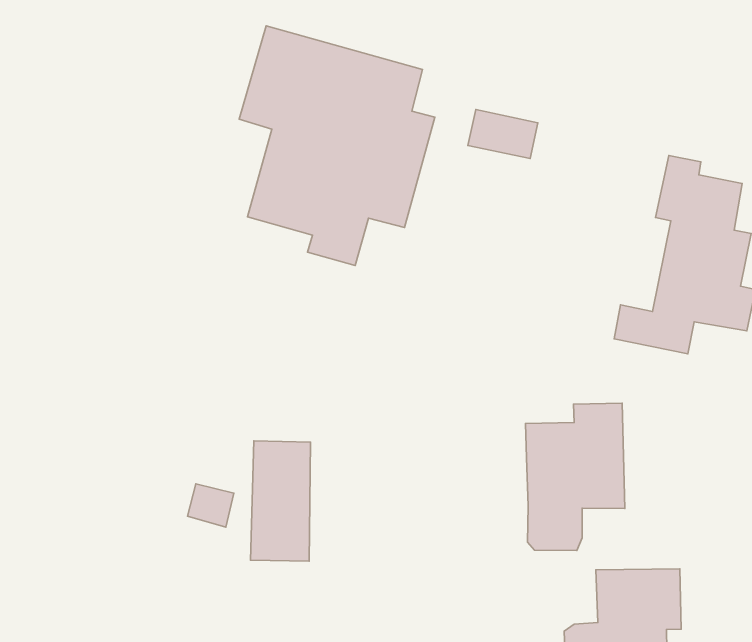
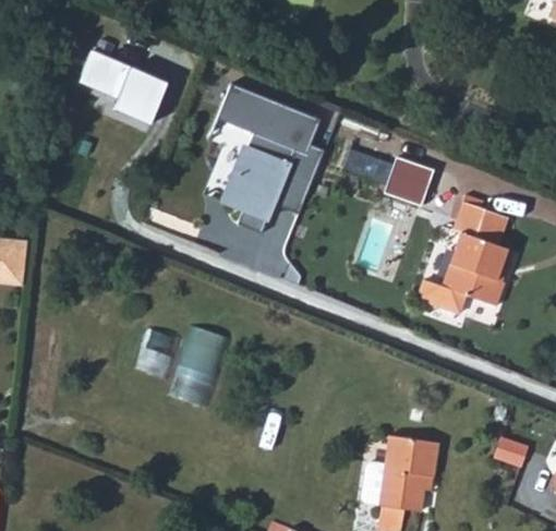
building: none -> [81,51,167,123]
building: none -> [384,158,432,206]
building: [526,403,625,551] -> none

